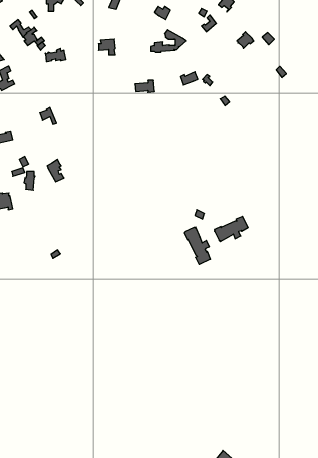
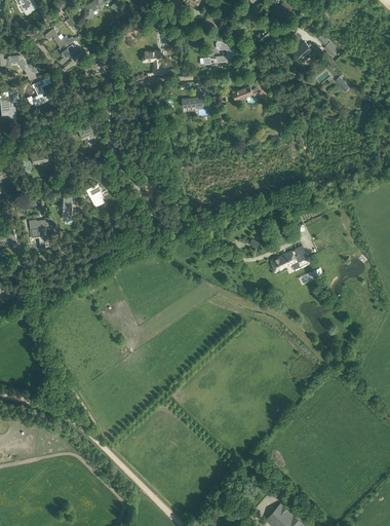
building: [184,227,211,264] -> none

